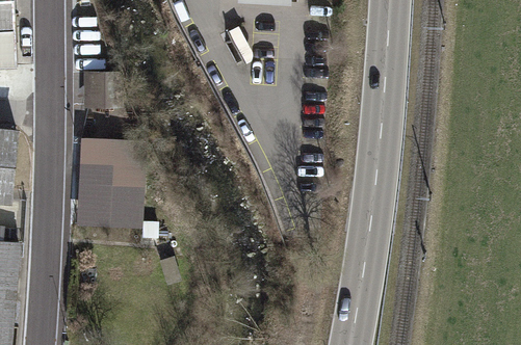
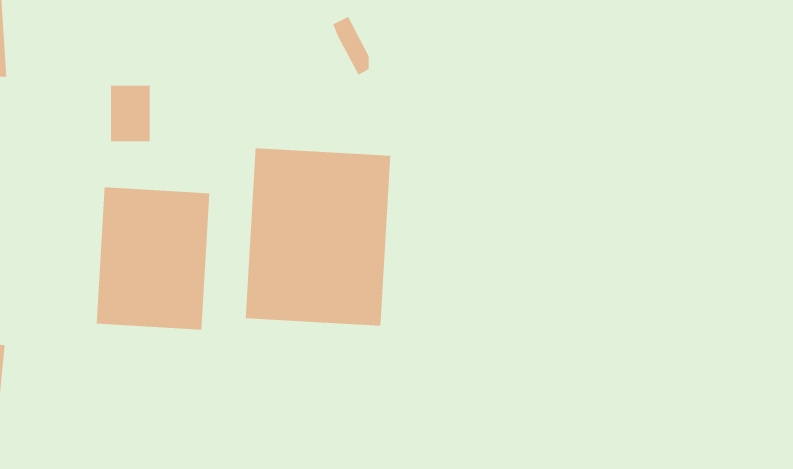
building: none -> [245,148,391,327]

